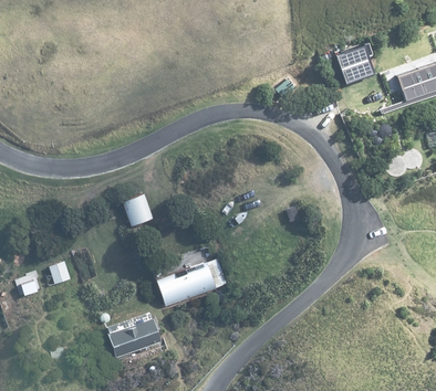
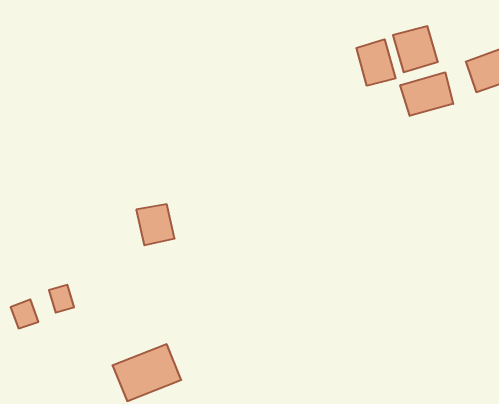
building: none -> [356,39,396,86]
building: none -> [400,72,453,116]
building: [154,258,226,305] -> none

